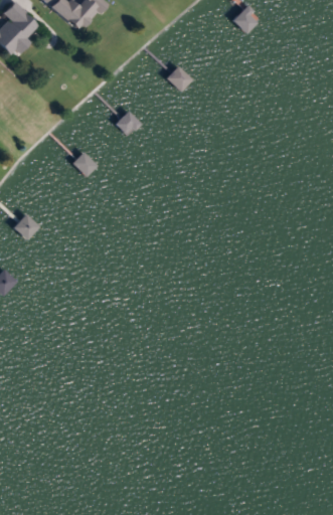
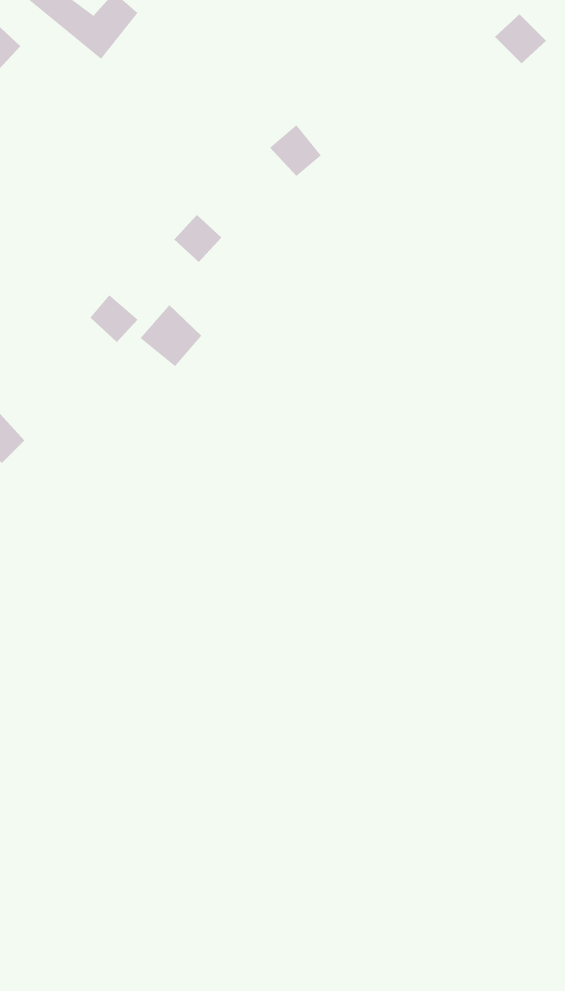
building: [234,6,262,32] -> [494,13,547,64]
building: none -> [140,304,202,367]

